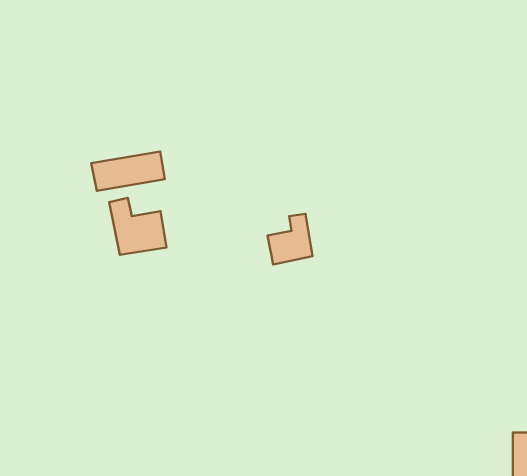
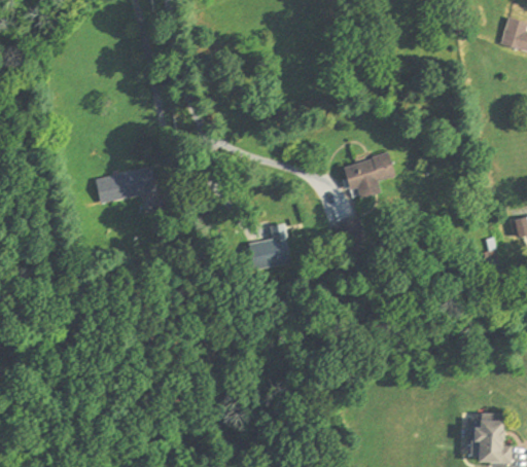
building: none -> [342,154,396,191]
building: [109,198,166,255] -> none

